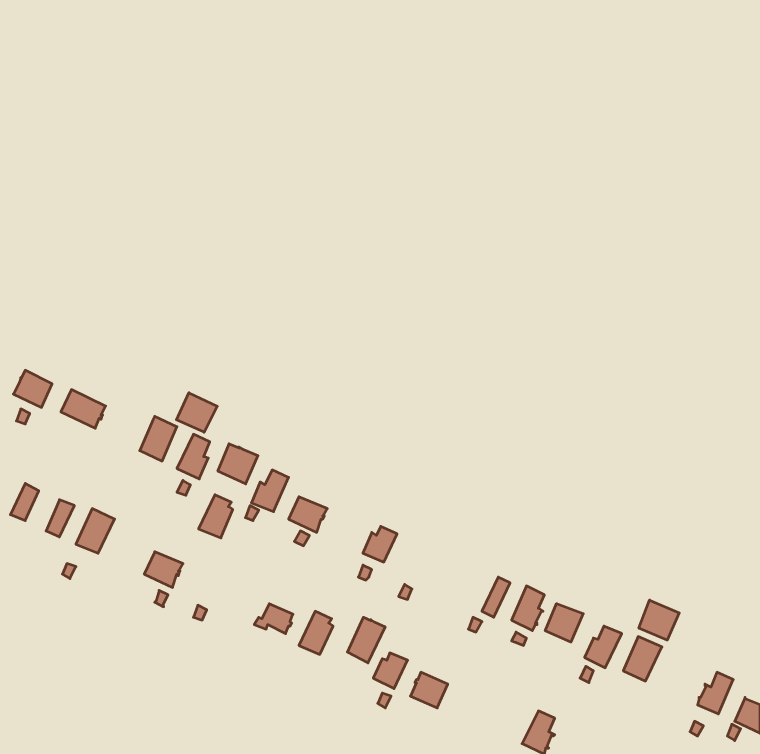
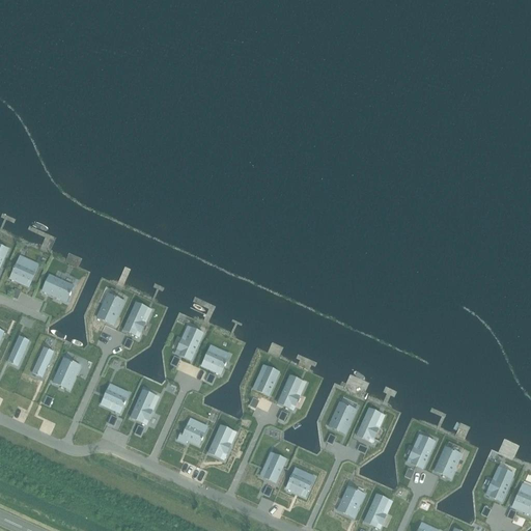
building: [176,393,217,432] -> none
building: [218,444,258,484] -> none
building: [199,495,233,538] -> [131,391,155,421]
building: none -> [278,376,301,408]
building: [639,600,679,640] -> none
building: [545,604,583,642] -> none
building: [347,617,385,663] -> none
building: none -> [337,483,364,514]

